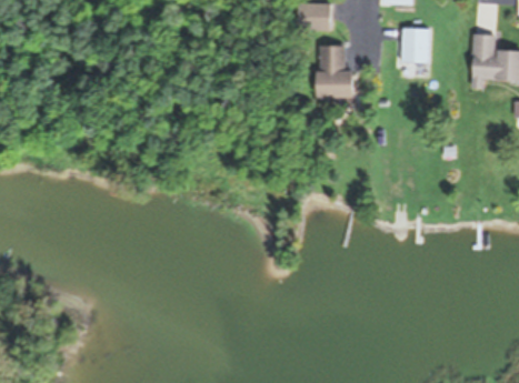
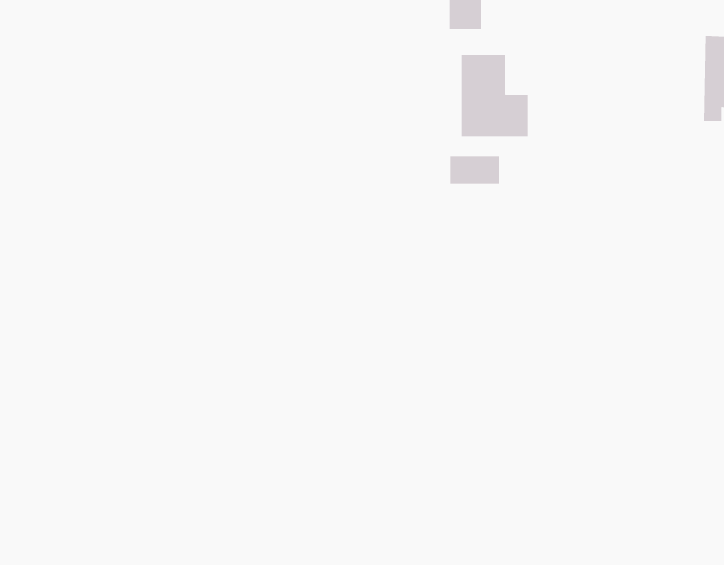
building: [400,28,428,62] -> none
building: none -> [449,155,500,185]

